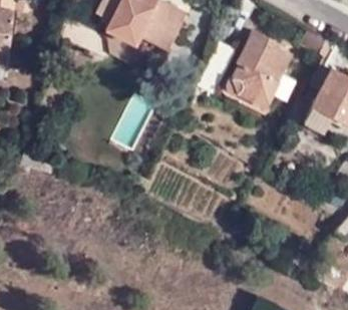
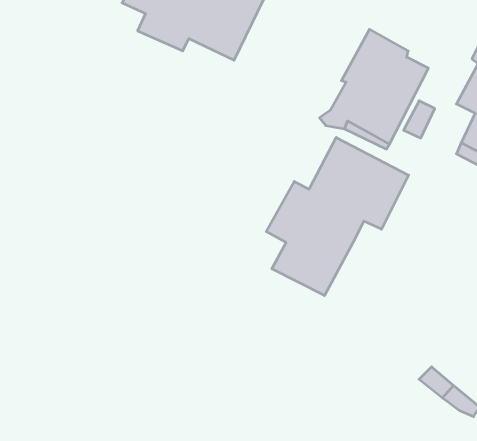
building: none -> [266,137,409,296]

